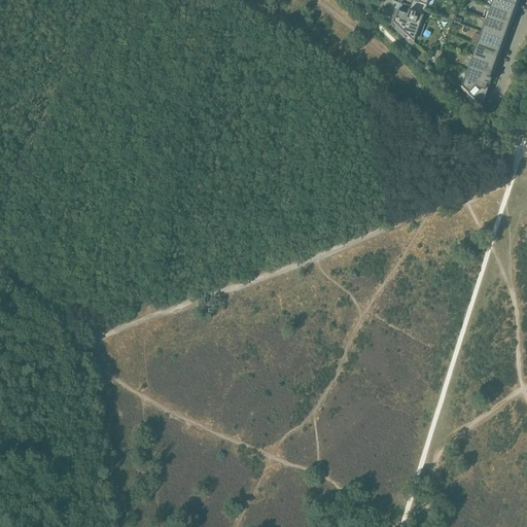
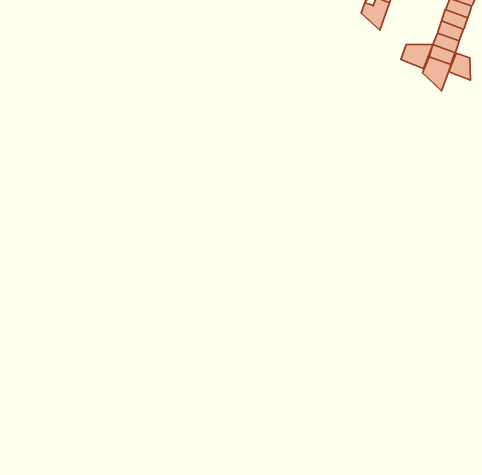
building: none -> [401,44,433,69]
building: none -> [449,53,470,80]

